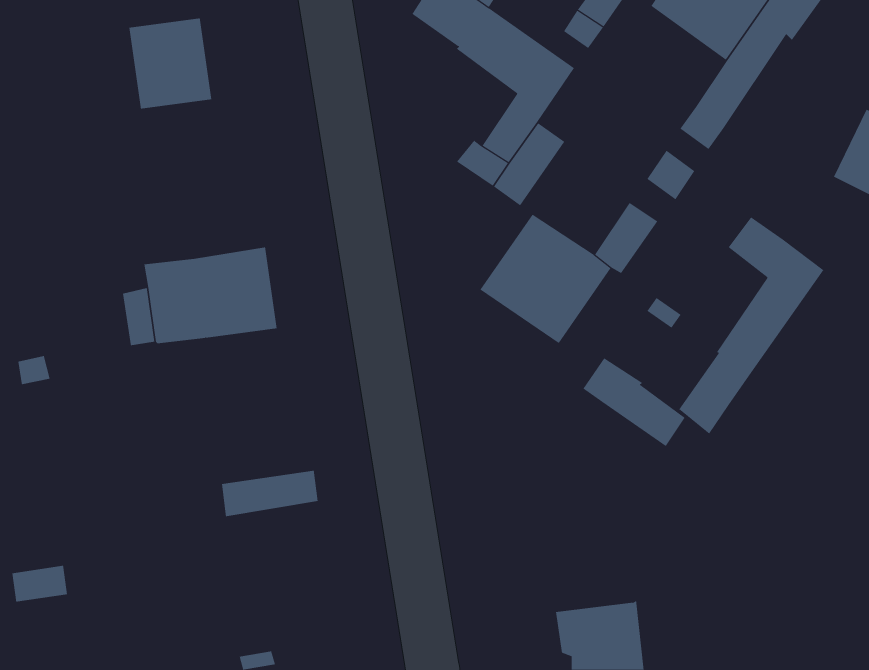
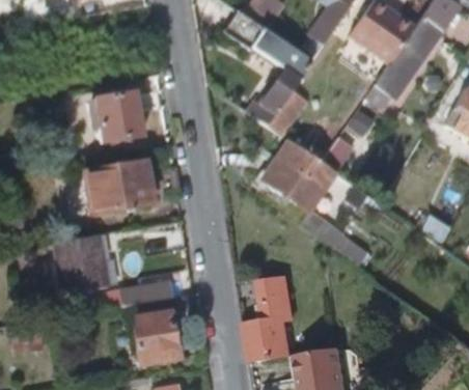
building: [129,18,212,109] -> [95,92,140,141]
building: [679,216,824,435] -> none
building: none -> [55,233,110,290]
building: none -> [247,277,294,361]
building: none -> [131,309,176,363]

